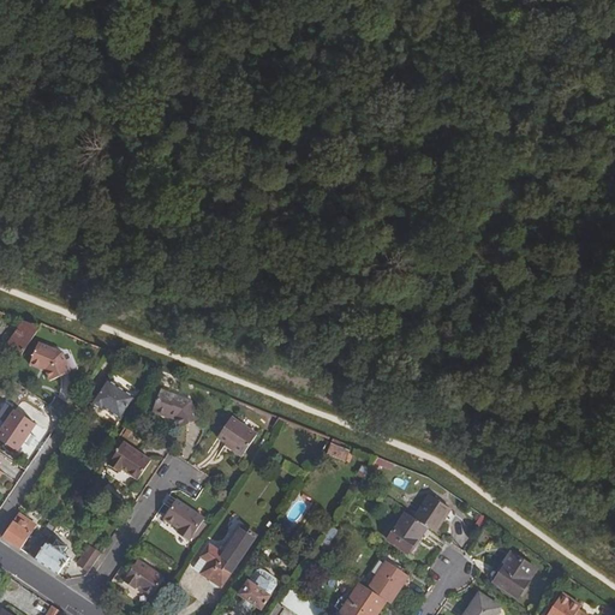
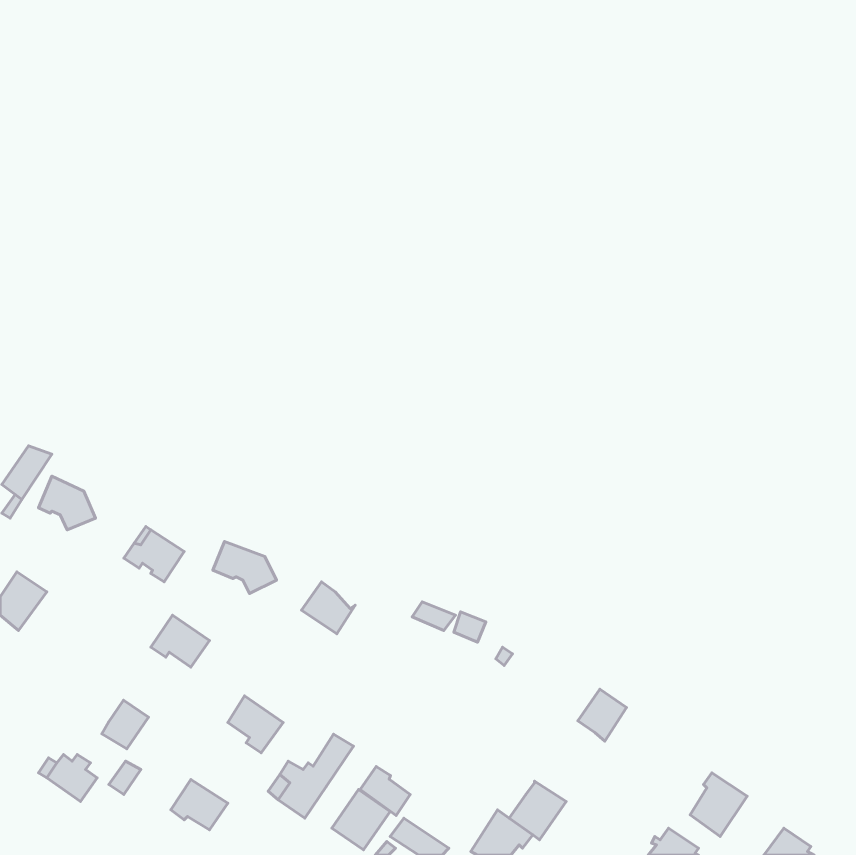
building: [387,510,426,551] -> none
building: [7,517,41,551] -> [102,700,149,749]
building: none -> [360,766,410,816]

